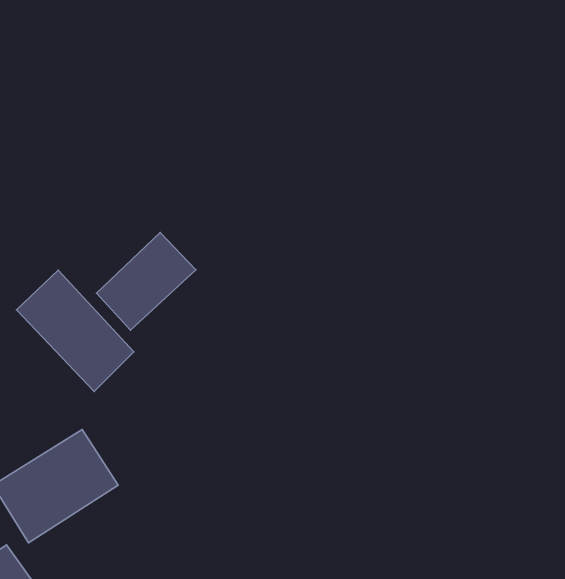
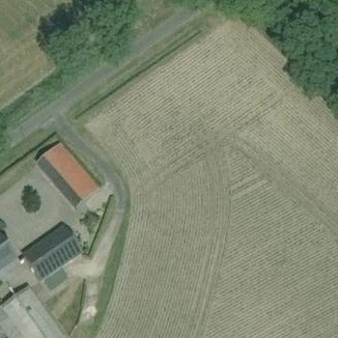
building: [96,233,196,330] -> none

